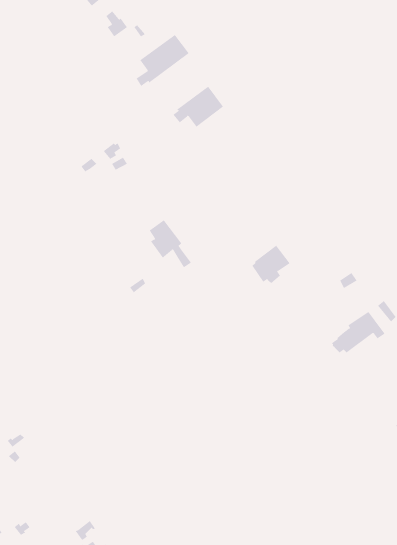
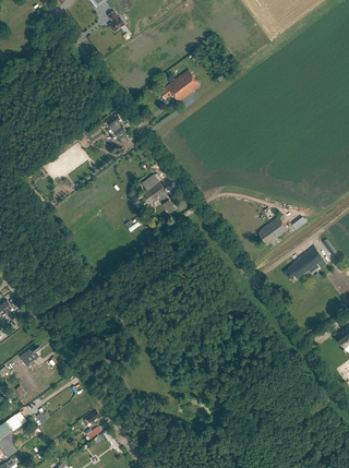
building: [136,34,189,87] -> none
building: [252,245,291,284] -> [258,216,289,247]

